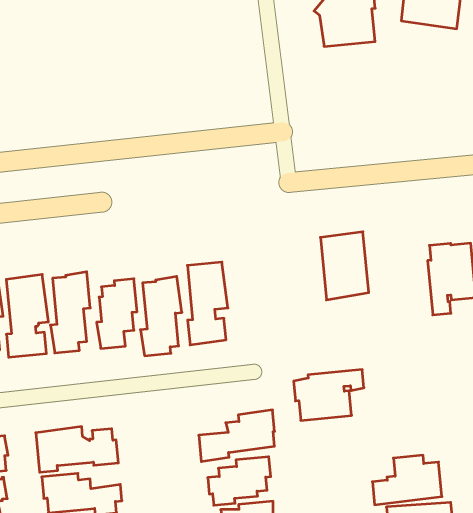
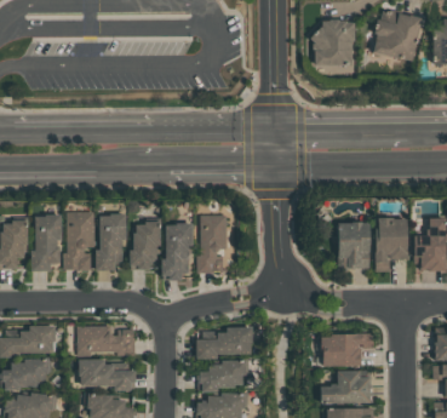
building: [320,232,369,300] -> [338,223,369,270]
building: [294,370,364,420] -> [320,333,371,366]

